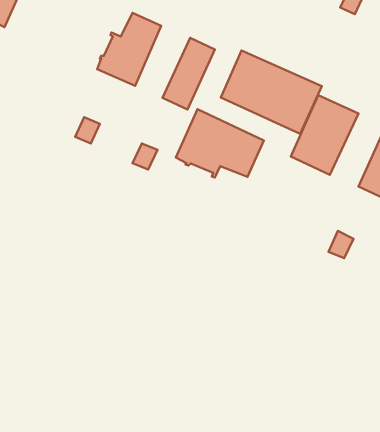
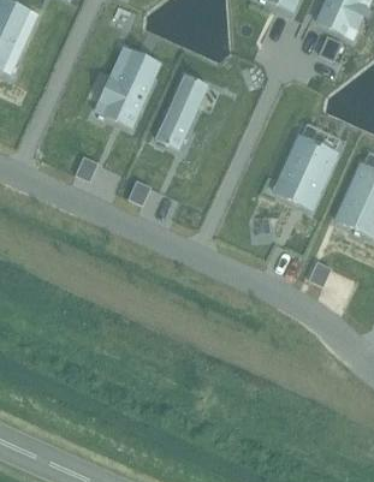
building: [221,51,322,134] -> none
building: [176,109,264,178] -> none

